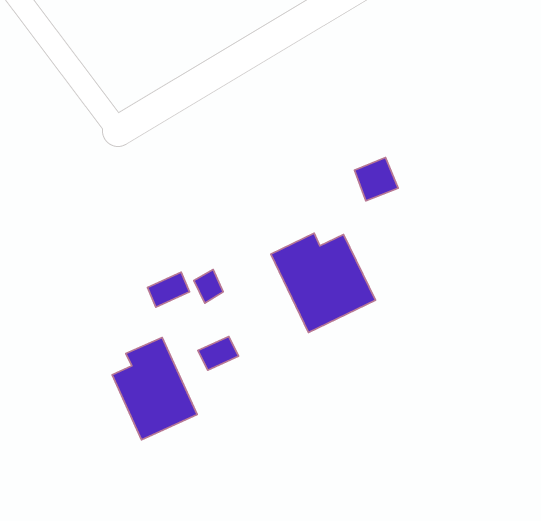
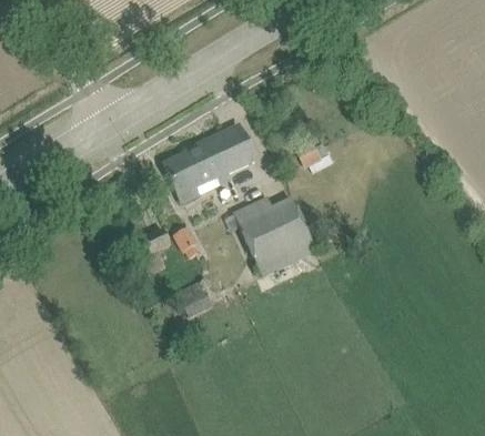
building: none -> [163,128,254,201]
building: [112,337,197,440] -> none

